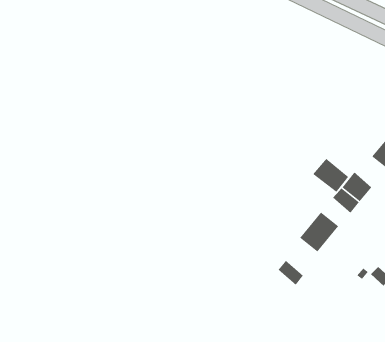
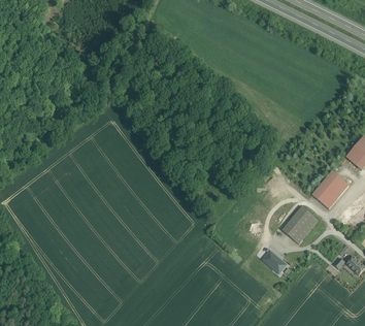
building: [312,158,349,193] -> none

